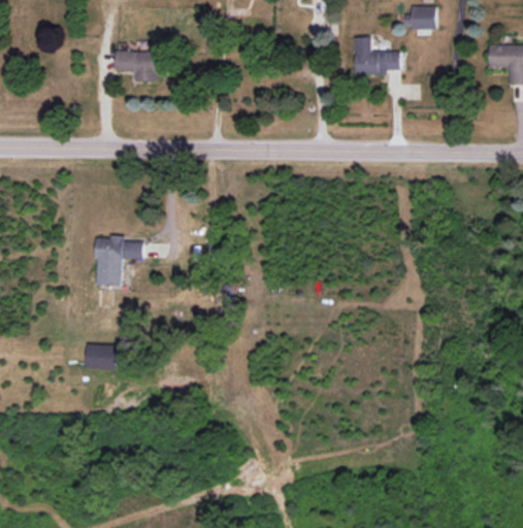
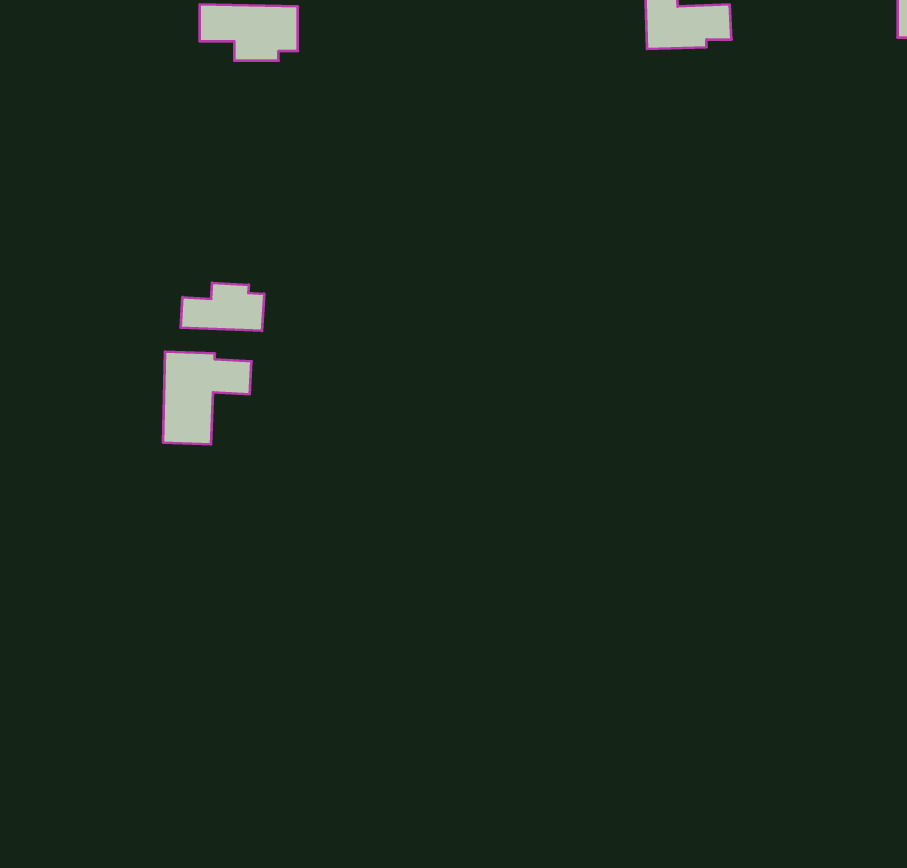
building: none -> [181,283,264,331]
building: [86,344,117,370] -> none

